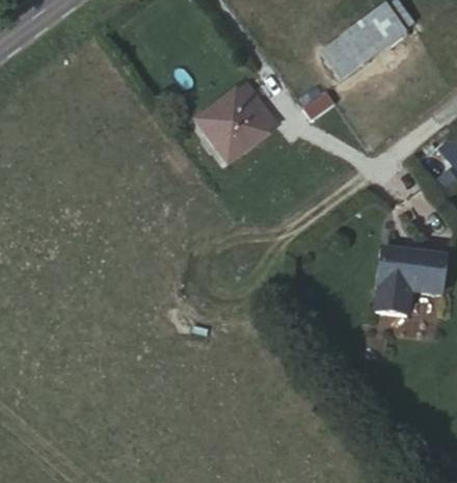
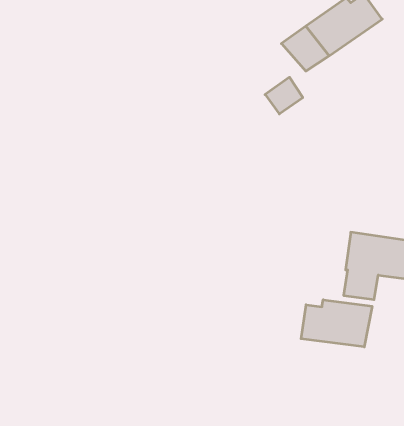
building: [190,80,275,162] -> none
building: none -> [301,300,372,347]

